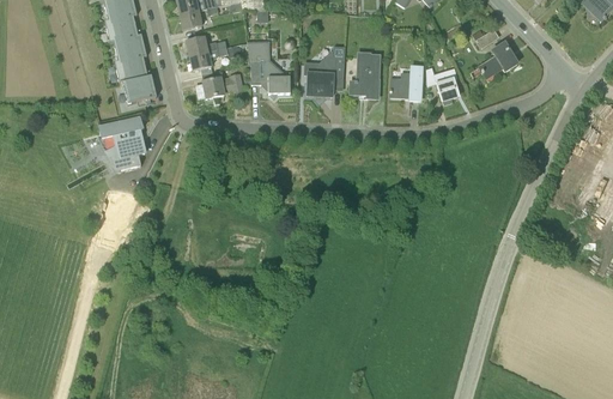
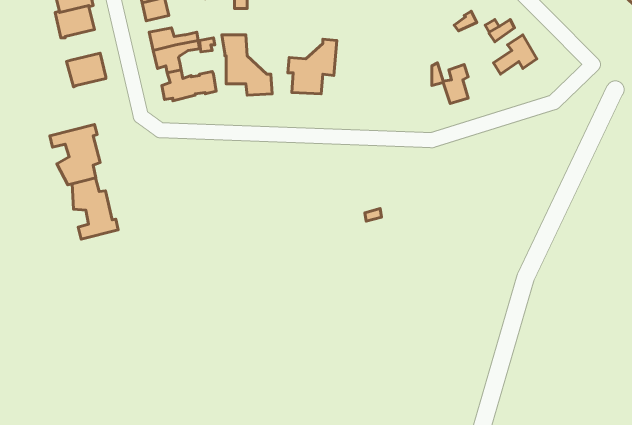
building: [113,36,146,64] -> none
building: [350,54,378,98] -> none
building: [390,66,421,99] -> none
building: [122,77,156,109] -> none
building: none -> [72,178,118,239]

